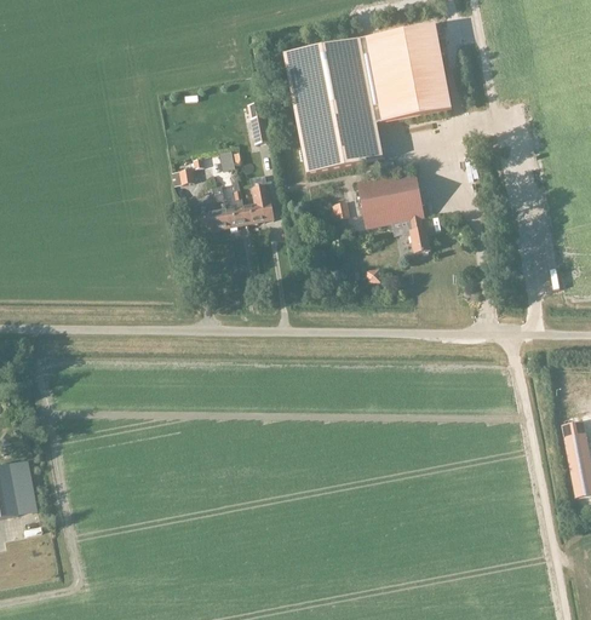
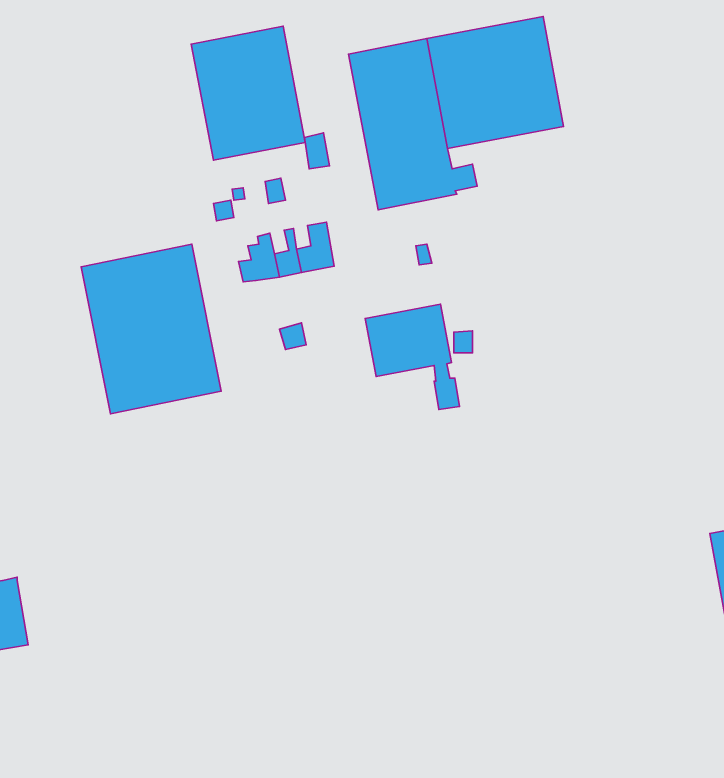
building: none -> [191,26,305,160]
building: [357,170,430,251] -> [365,304,459,410]
building: none -> [81,244,221,414]

